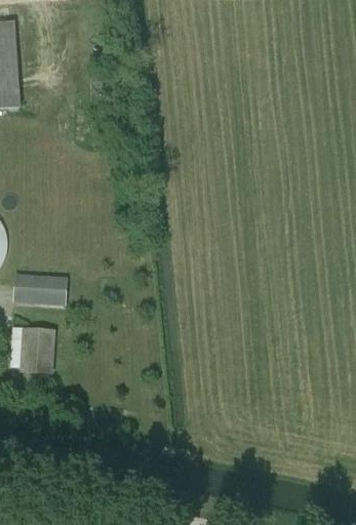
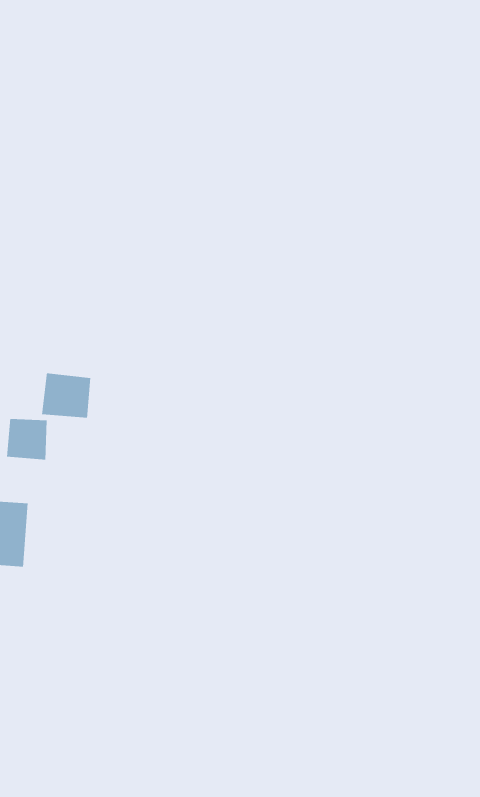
building: none -> [41,372,91,418]

